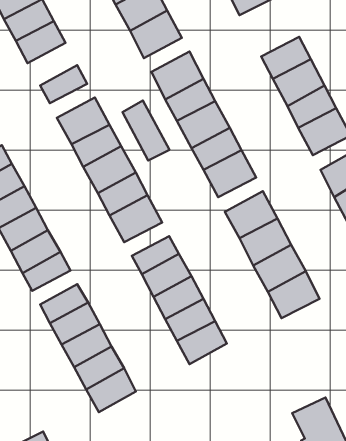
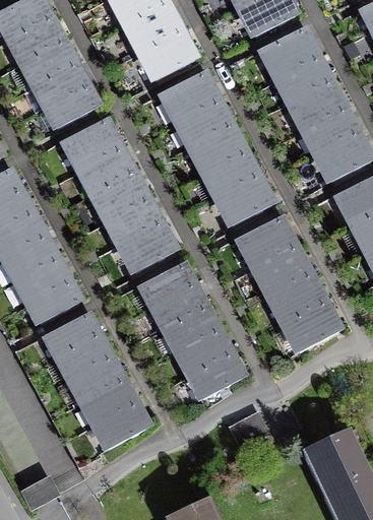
building: none -> [262,29,316,78]
building: none -> [34,64,85,109]
building: [122,101,169,161] -> none

